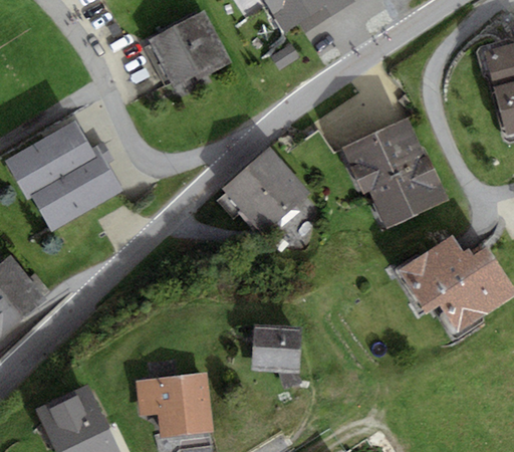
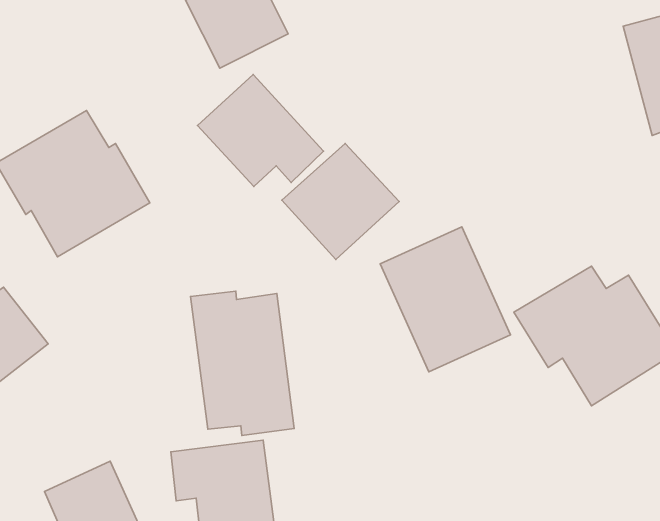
building: none -> [198,74,324,187]
building: [349,125,449,235] -> [380,227,511,372]
building: none -> [190,291,294,436]
building: [255,326,302,374] -> none

